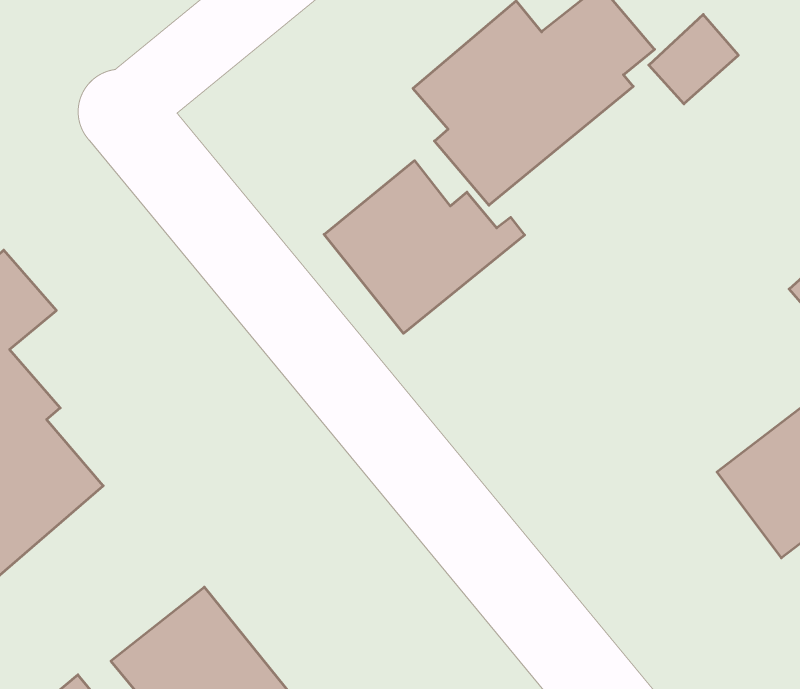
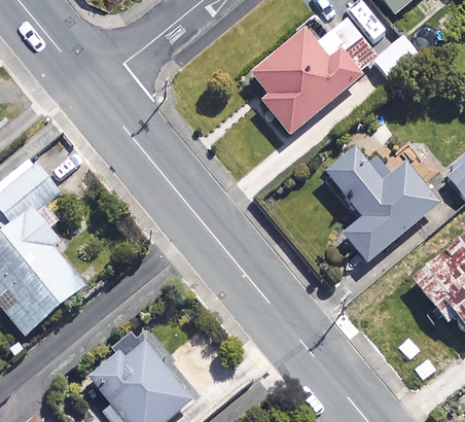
building: [324,161,525,333] -> none
building: none -> [325,147,438,263]

